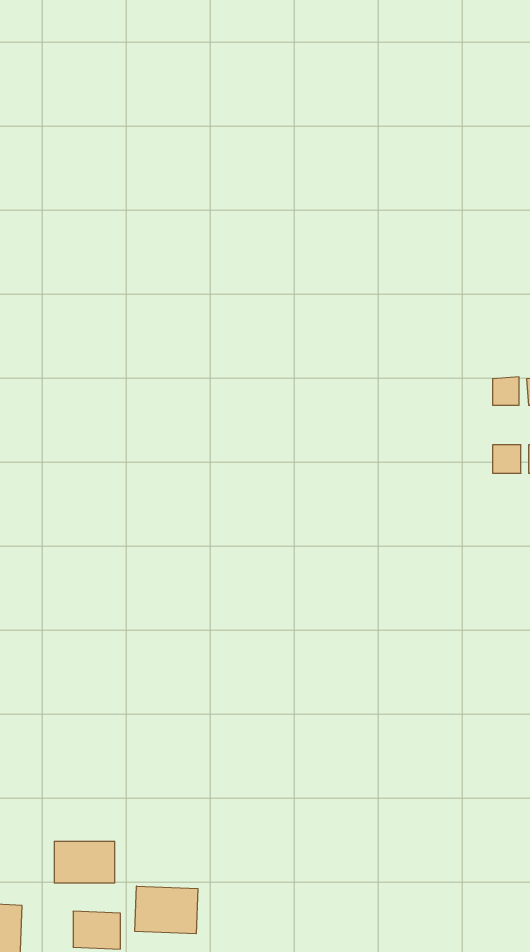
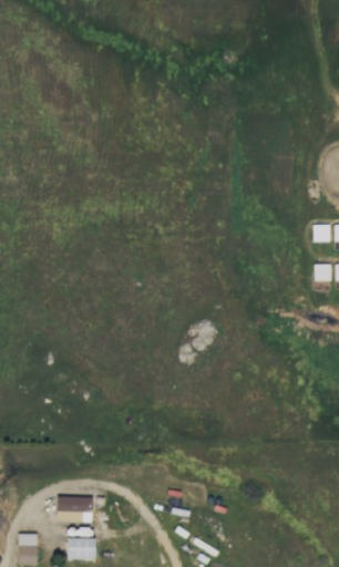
building: [135,886,198,934] -> none

